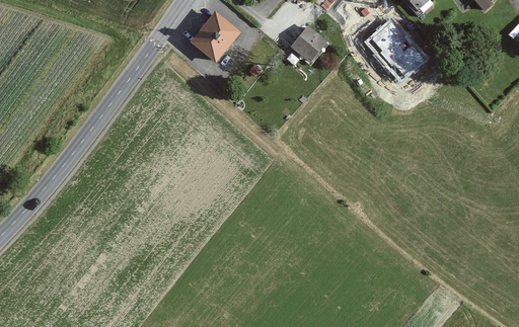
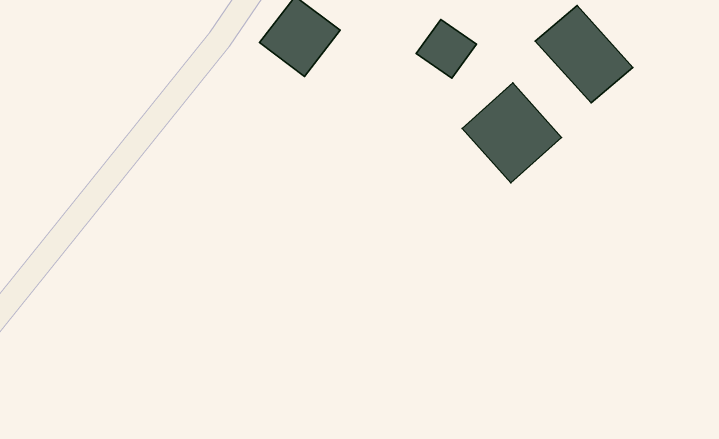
building: none -> [462,83,561,183]

